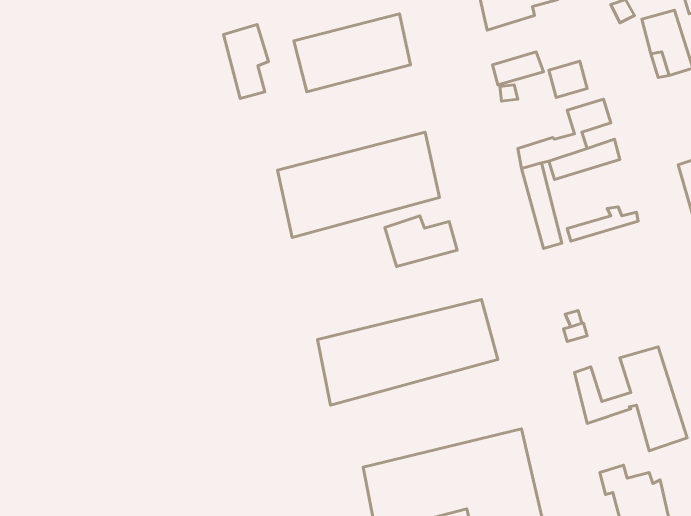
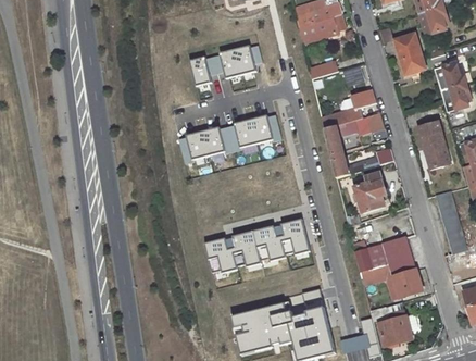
building: [223,24,269,98] -> none
building: [385,216,457,267] -> none
building: none -> [352,174,389,214]

